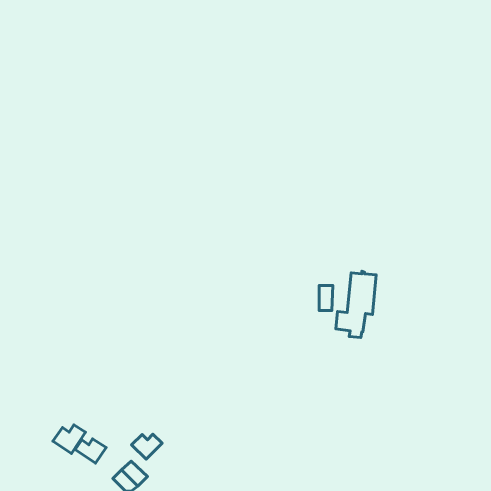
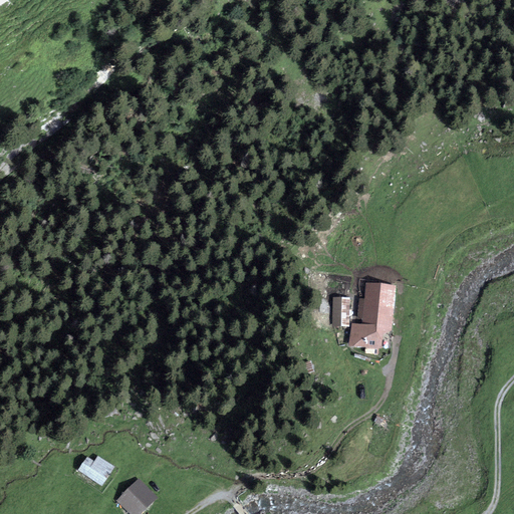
building: [53,425,86,453] -> none
building: [131,434,162,459] -> none

